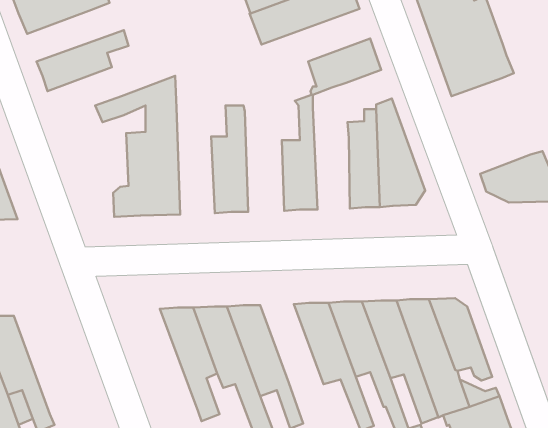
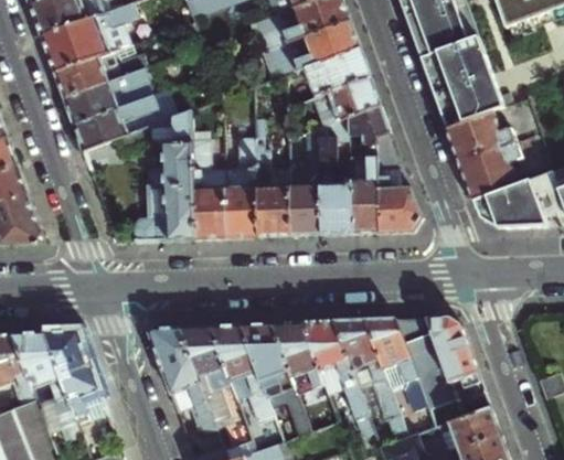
building: none -> [307,50,371,97]
building: none -> [54,51,143,98]
building: none -> [73,96,158,151]
building: none -> [349,106,391,143]
building: none -> [446,114,521,202]
building: none -> [318,122,352,235]
building: none -> [192,140,227,239]
building: none -> [255,143,291,237]
building: none -> [269,322,338,429]
building: none -> [148,327,212,426]
building: none -> [42,332,107,424]

